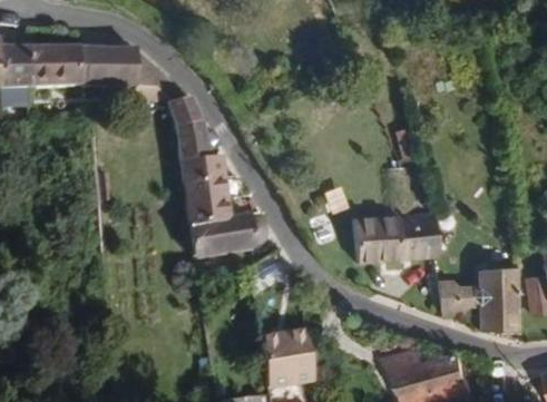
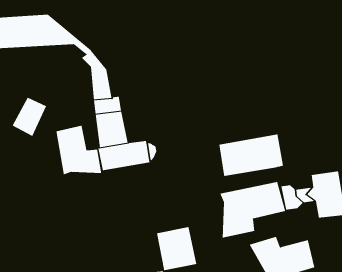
building: none -> [12,97,47,137]
building: none -> [56,125,102,175]
building: none -> [219,181,286,238]

